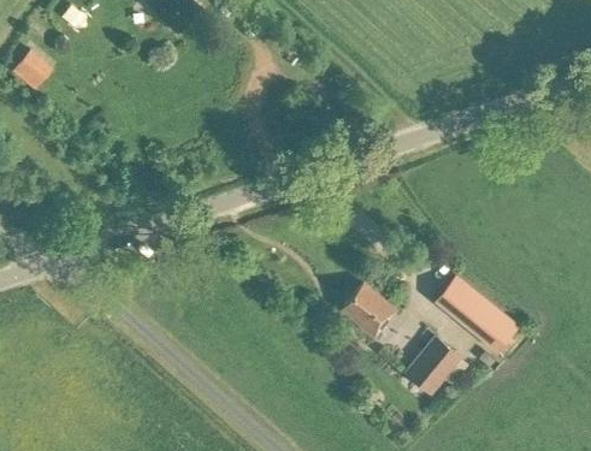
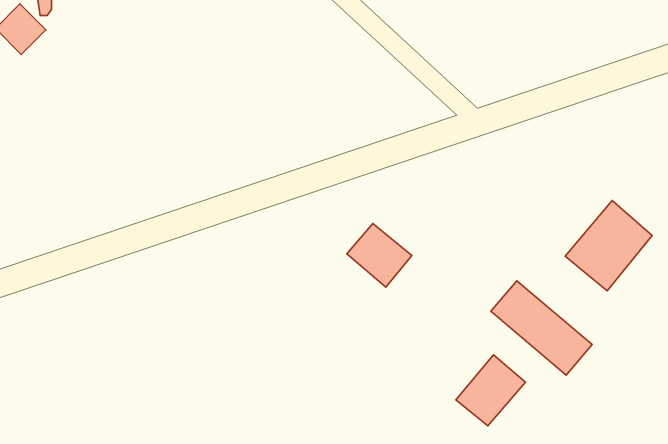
building: none -> [565,201,652,291]
building: [342,284,396,337] -> [347,224,412,287]

